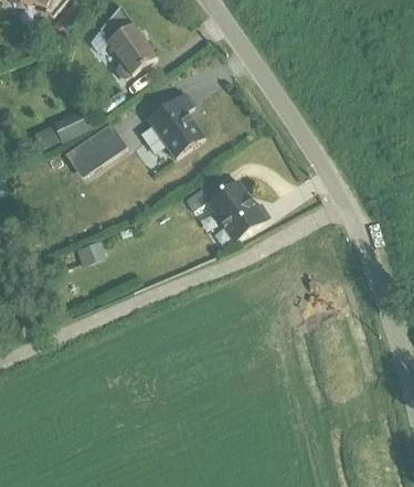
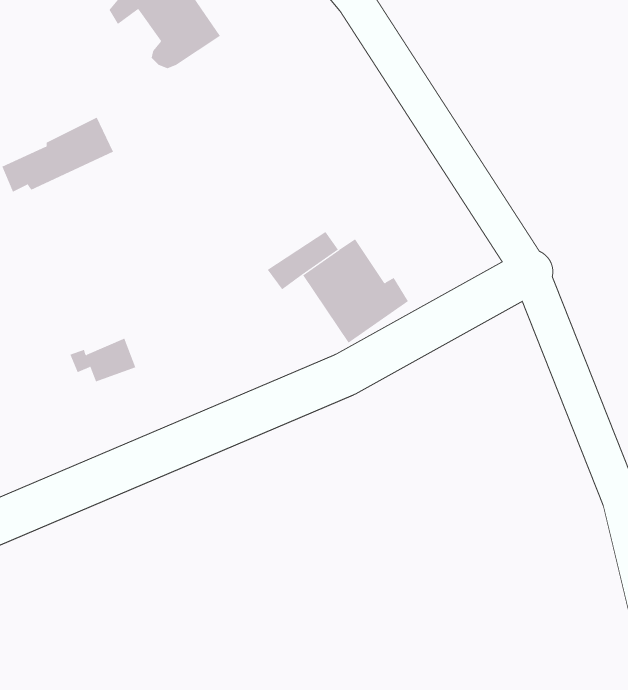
building: [139,93,204,159] -> none
building: [65,123,127,177] -> none

